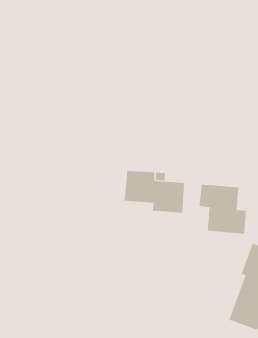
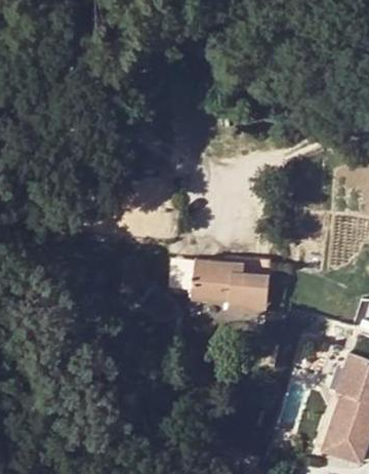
building: [199,184,246,235] -> none

